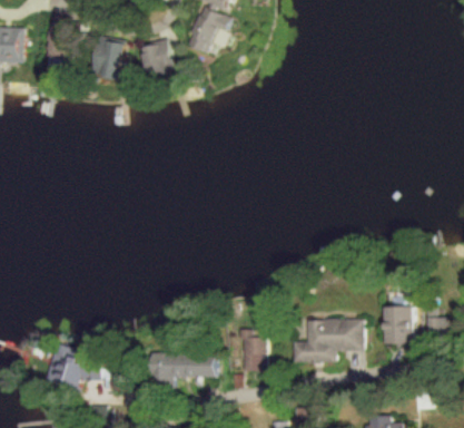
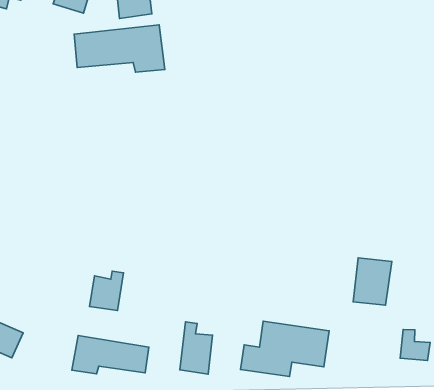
building: none -> [74,25,165,72]
building: none -> [89,271,123,310]
building: [383,304,412,343] -> [353,258,392,305]

